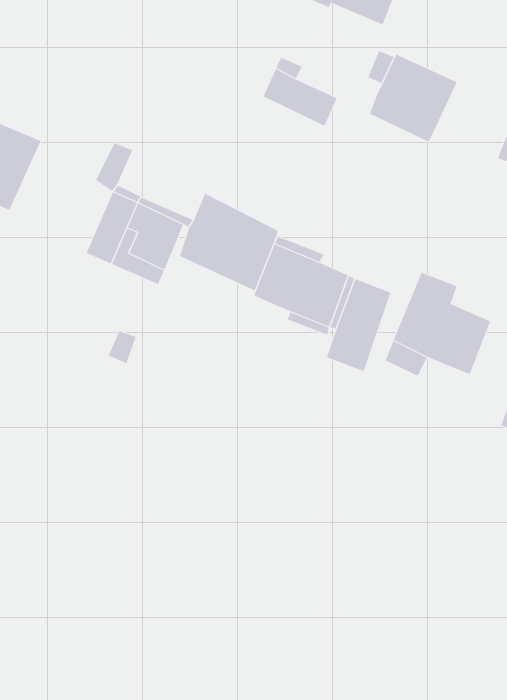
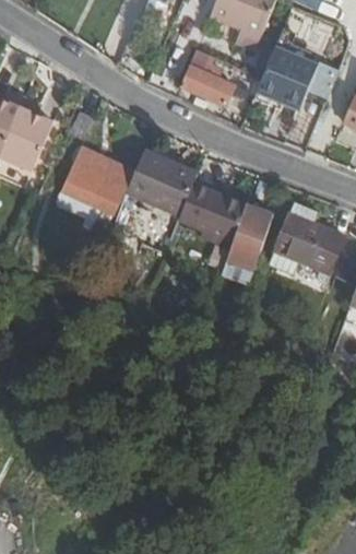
building: none -> [10,113,54,170]

